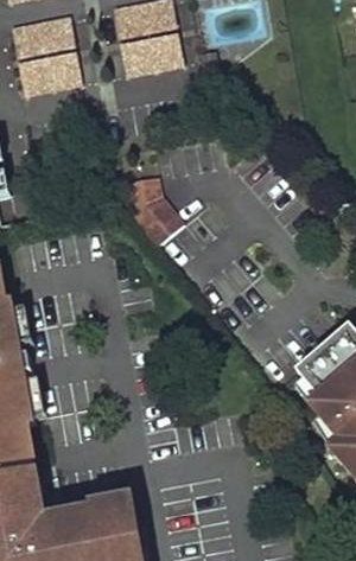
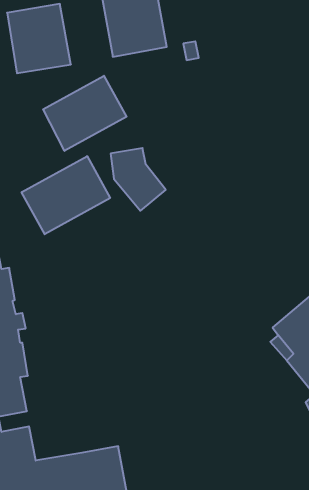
building: none -> [43,76,127,151]
building: none -> [22,156,110,234]

